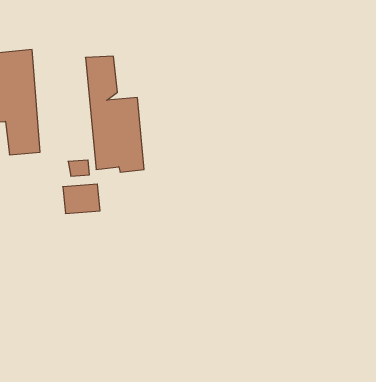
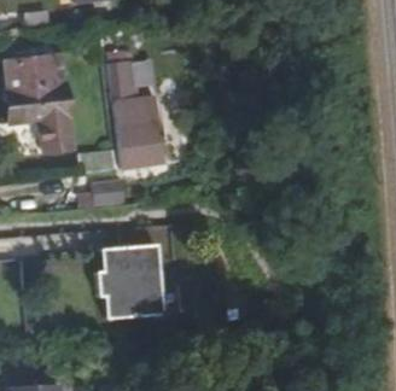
building: none -> [93,241,164,315]

